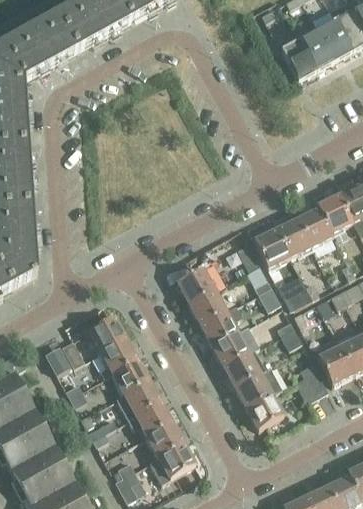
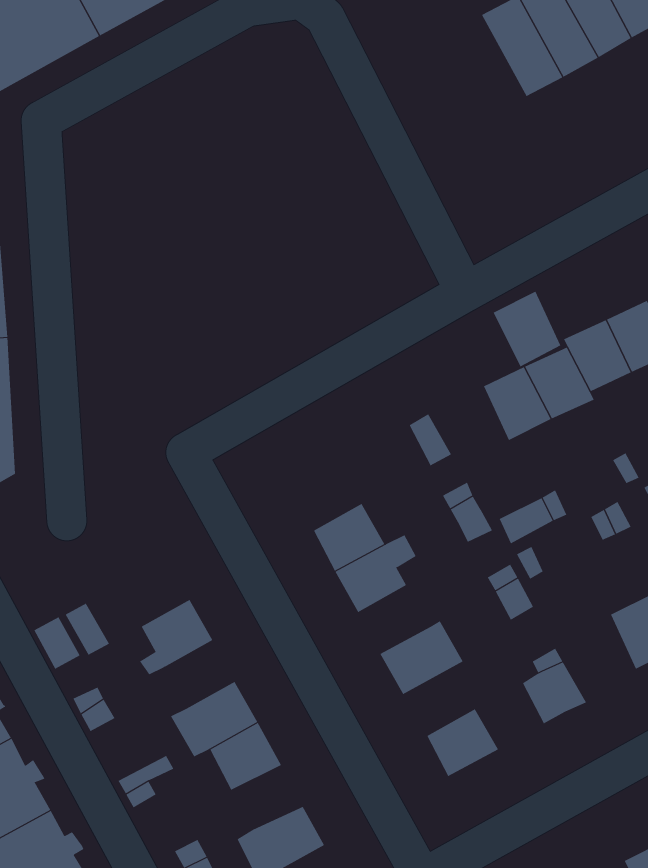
building: [253,228,288,267] -> [493,291,561,367]
building: [176,261,224,302] -> none
building: [83,316,125,351] -> none
building: [211,330,248,365] -> none
building: [317,345,353,383] -> none
building: [112,358,148,393] -> none
building: [234,367,282,407] -> none
building: [146,422,183,455] -> none

